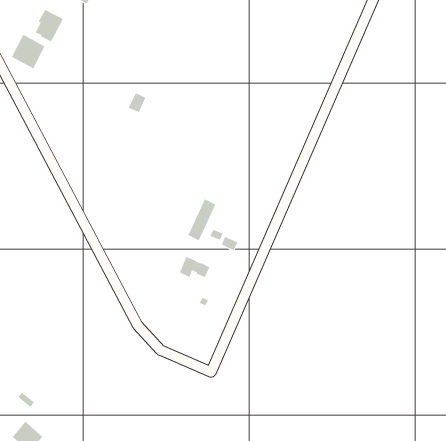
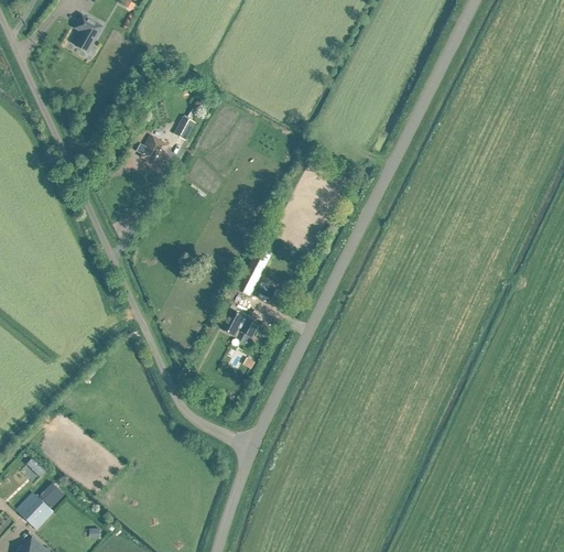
building: [11,34,45,69] -> none
building: none -> [141,137,167,166]

